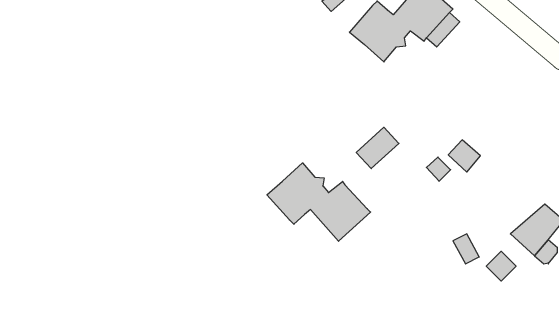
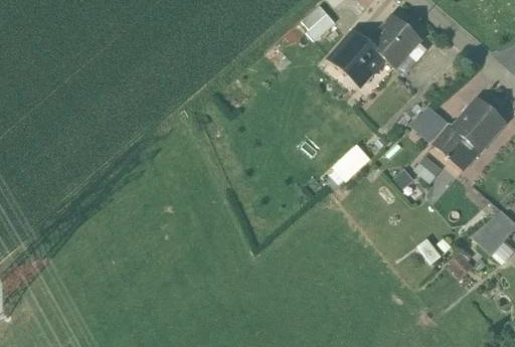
building: none -> [433,98,504,168]
building: none -> [409,106,446,140]
building: [267,163,371,241] -> none

